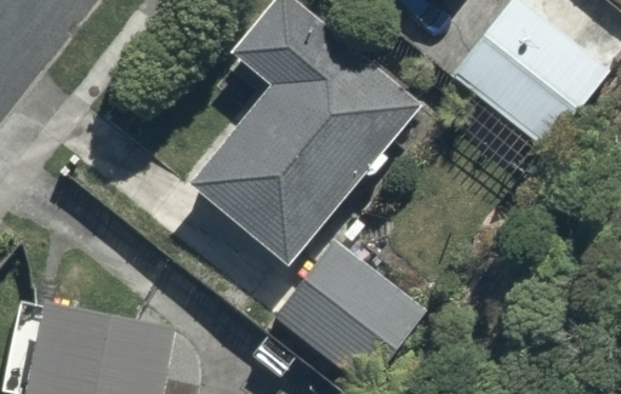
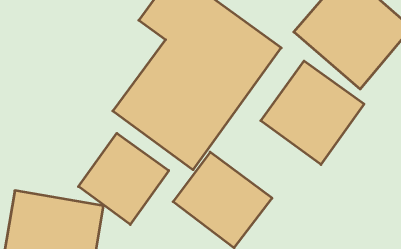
building: none -> [261,61,364,165]
building: none -> [78,133,169,225]

